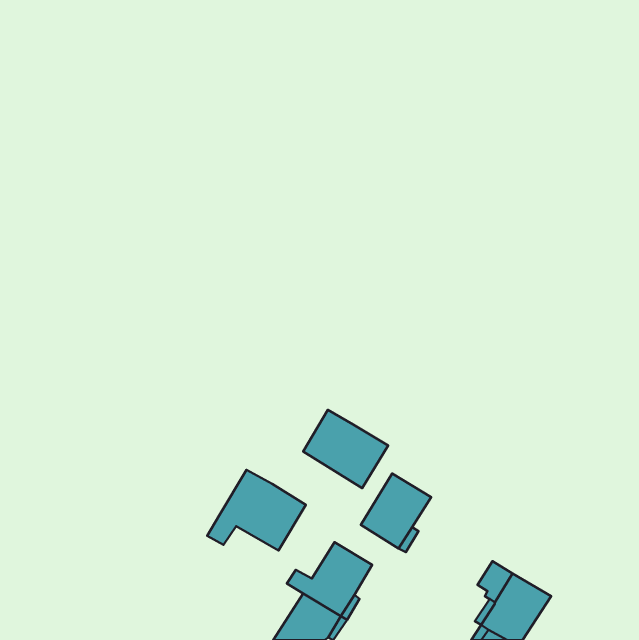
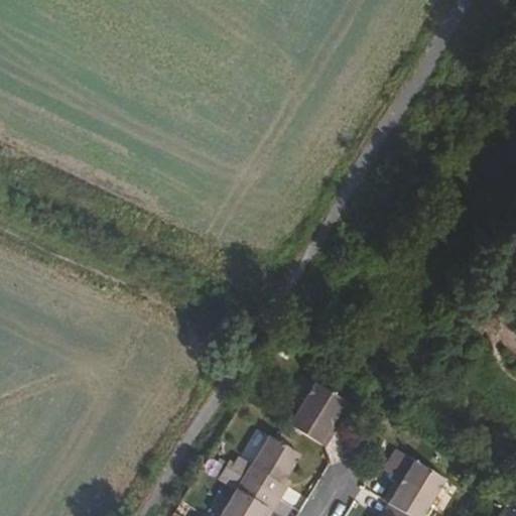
building: [303,410,388,488] -> none
building: [207,470,306,551] -> none

